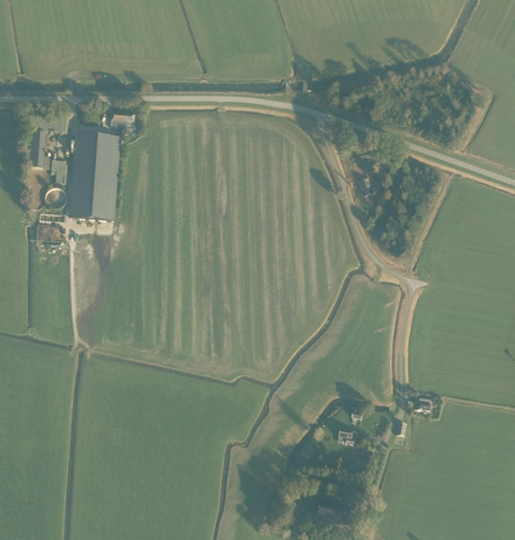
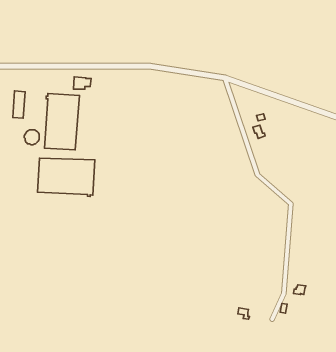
building: none -> [37,158,95,197]

